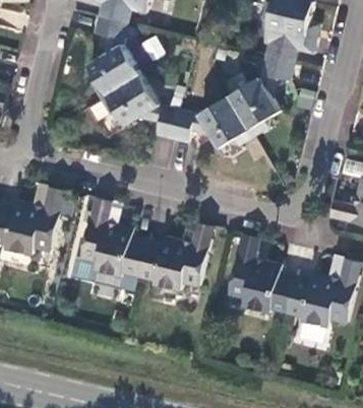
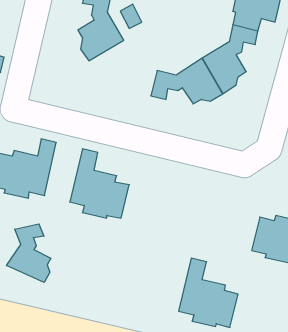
building: [102,75,179,138] -> none
building: [138,222,213,290] -> none
building: [228,234,295,313] -> [179,258,238,327]
building: none -> [7,224,51,282]

